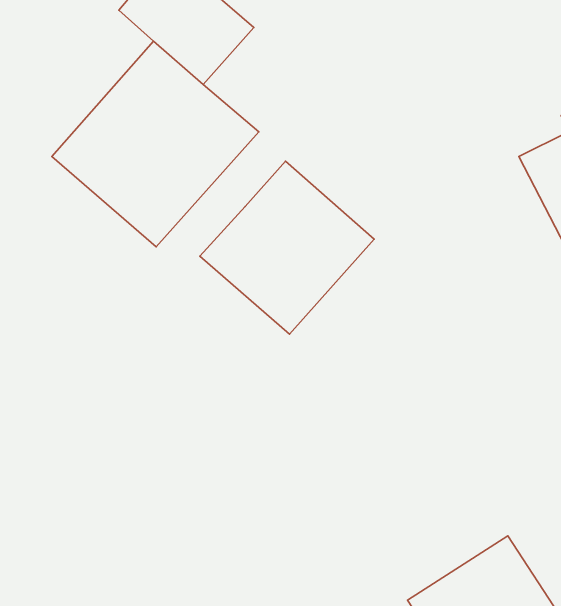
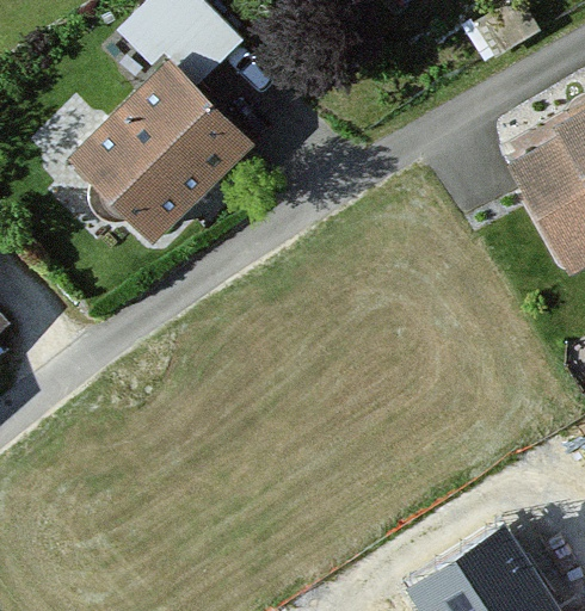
building: [200,161,374,334] -> none

